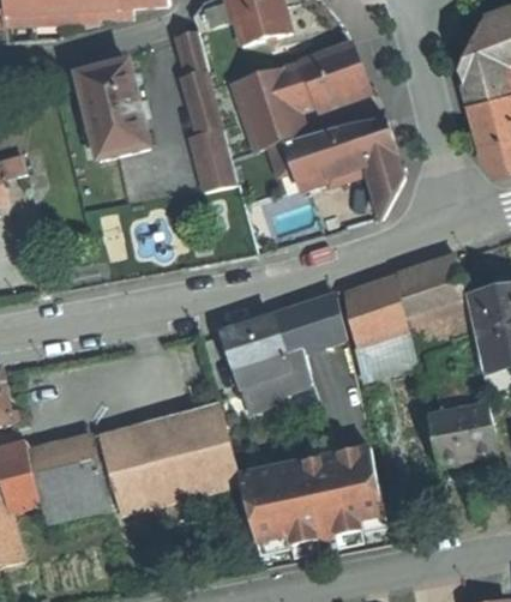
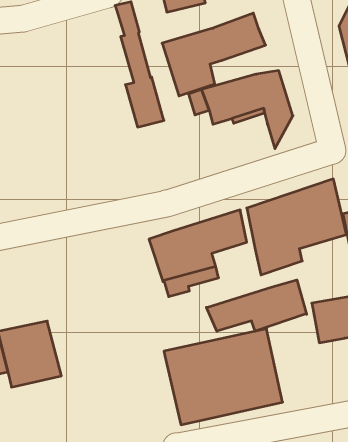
building: [78,60,150,157] -> none
building: none -> [206,280,307,331]
building: [96,404,239,516] -> none

